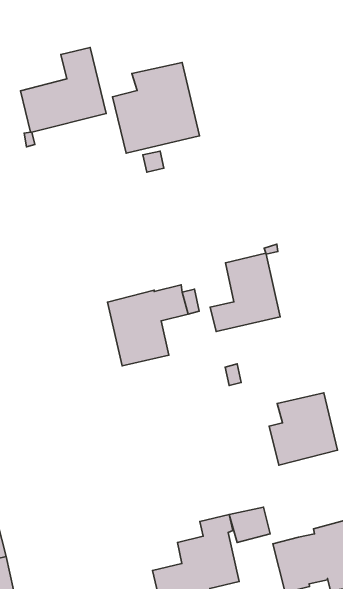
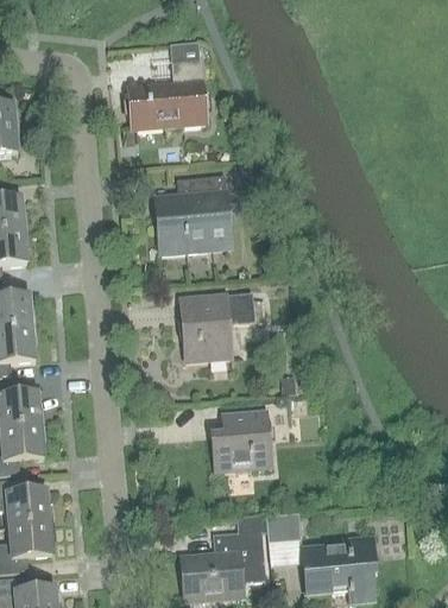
building: [113,62,199,153] -> [154,175,231,252]
building: [210,244,280,332] -> none
building: [269,393,337,465] -> [210,410,271,471]

